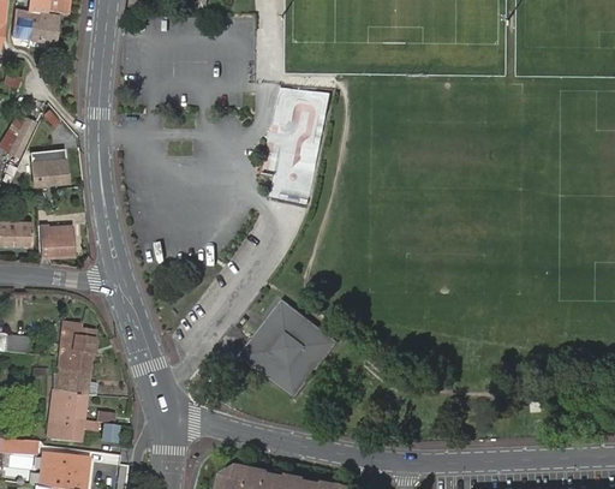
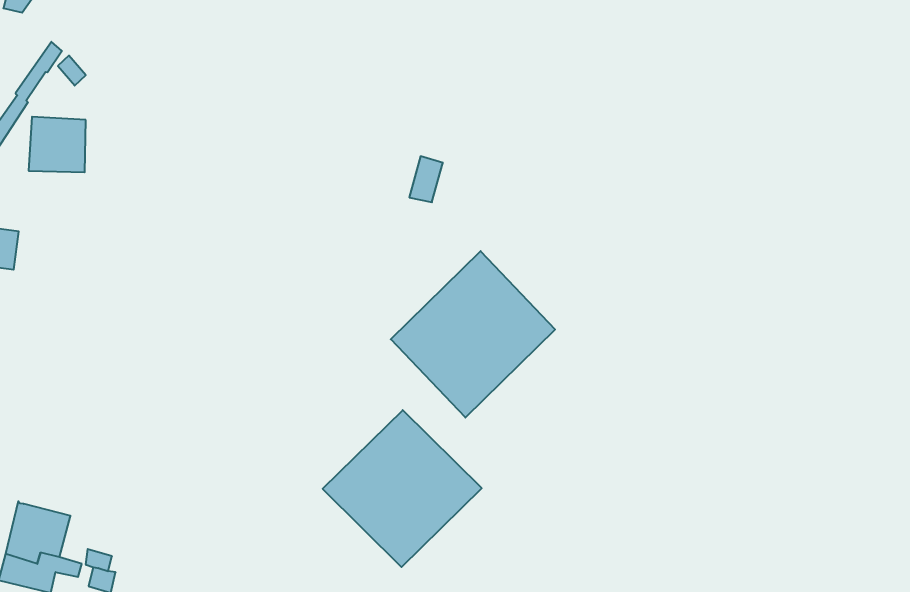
building: none -> [391,251,555,418]
building: [38,225,73,256] -> none
building: [56,322,94,393] -> none

